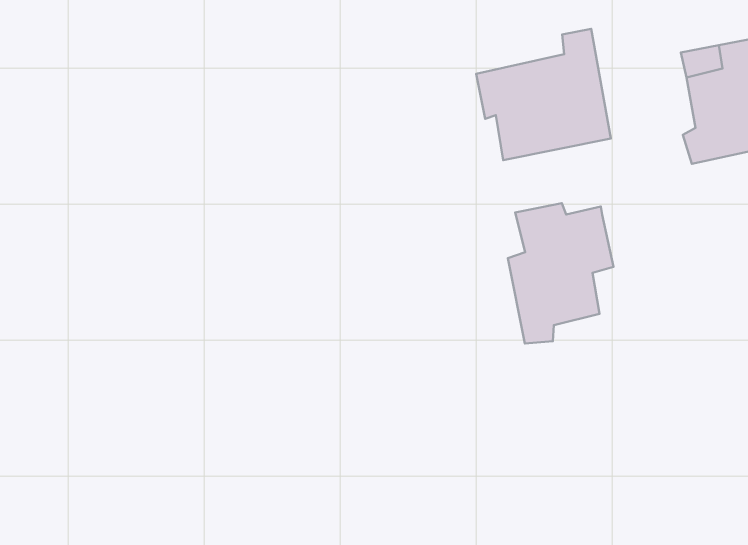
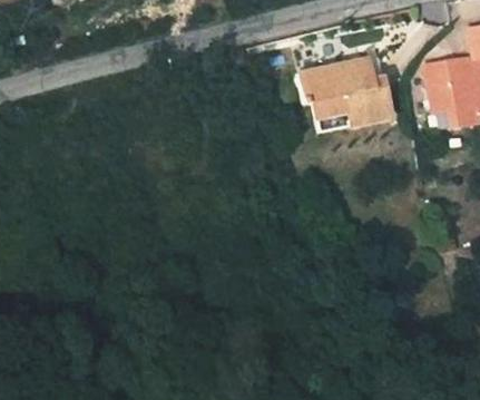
building: [508,203,614,343] -> none

